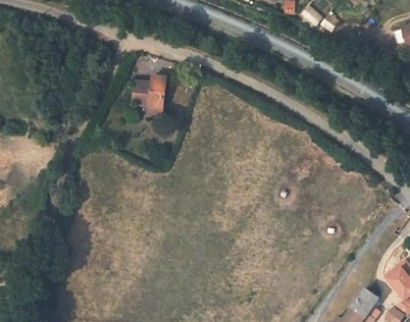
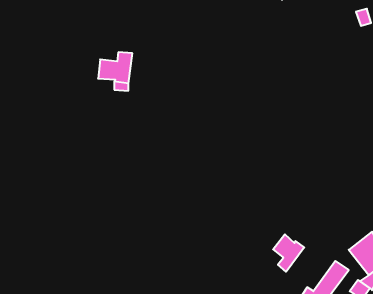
building: none -> [273,234,304,272]

